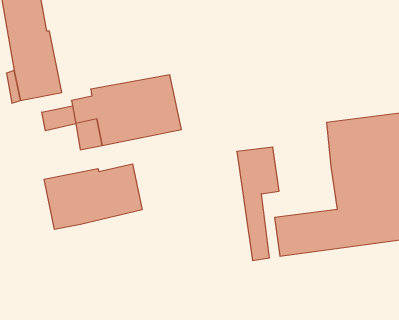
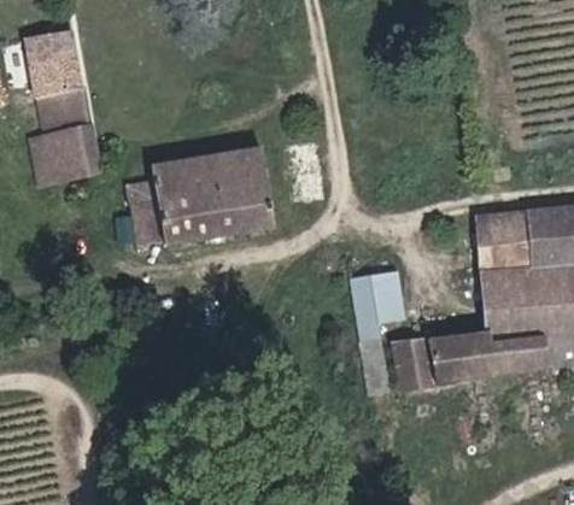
building: [42,106,76,131] -> none
building: [44,164,142,229] -> none

